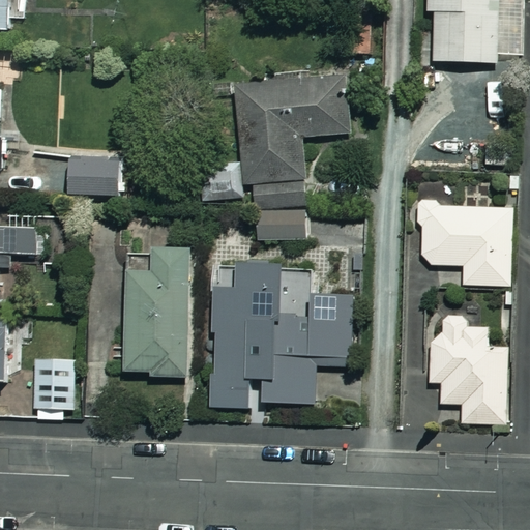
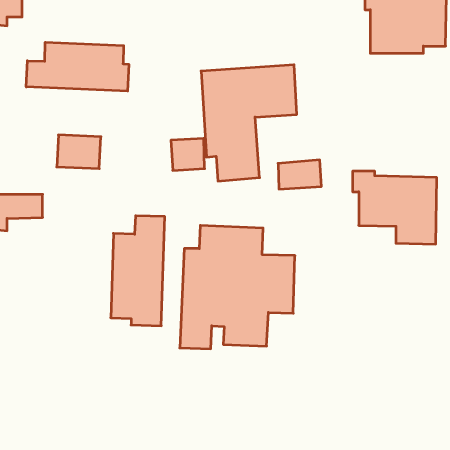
building: none -> [26,42,129,91]
building: [255,207,305,241] -> [278,160,321,189]
building: [429,315,505,421] -> none
building: [34,359,76,416] -> none

